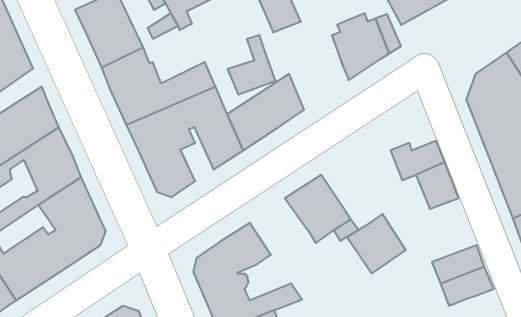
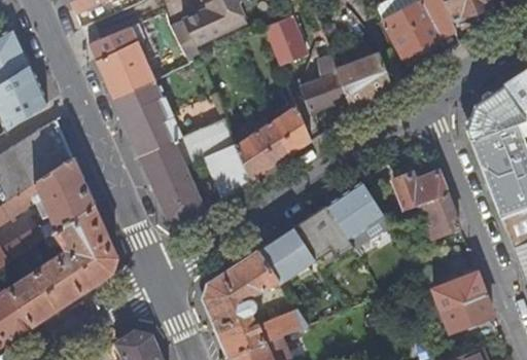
building: [228,35,276,95] -> [301,55,347,112]
building: none -> [257,227,315,283]
building: [347,214,406,273] -> [326,182,383,240]

